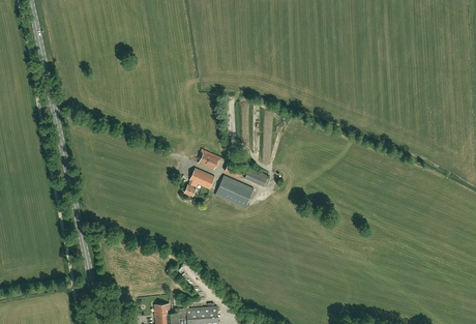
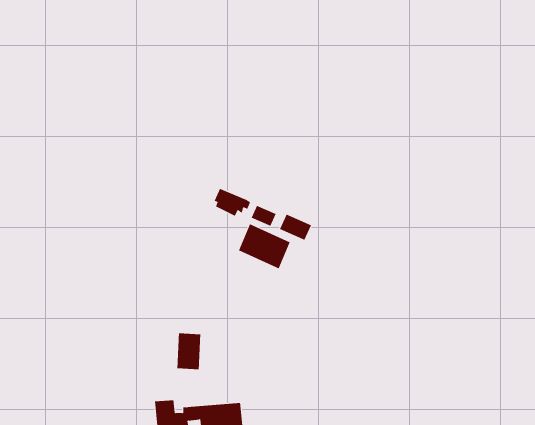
building: [184,168,214,196] -> none
building: none -> [177,332,201,370]

